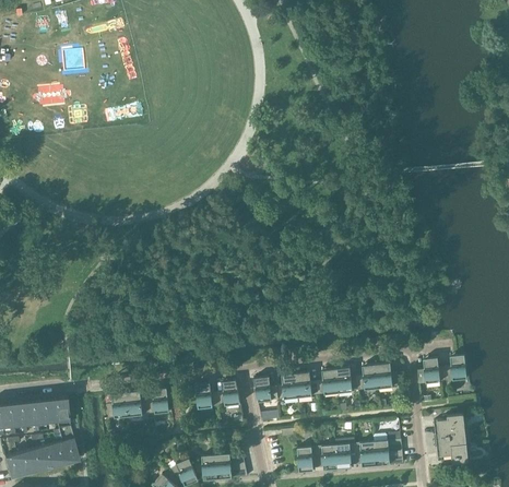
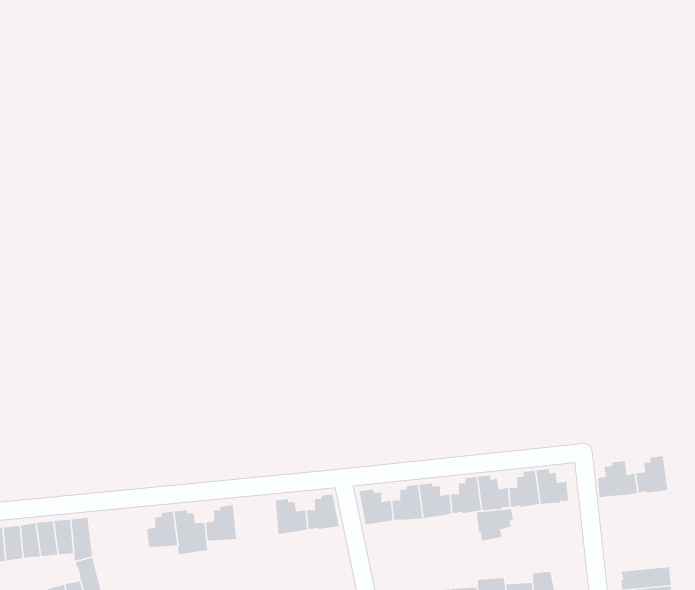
building: none -> [476,508,514,541]
building: [435,415,470,435] -> none

